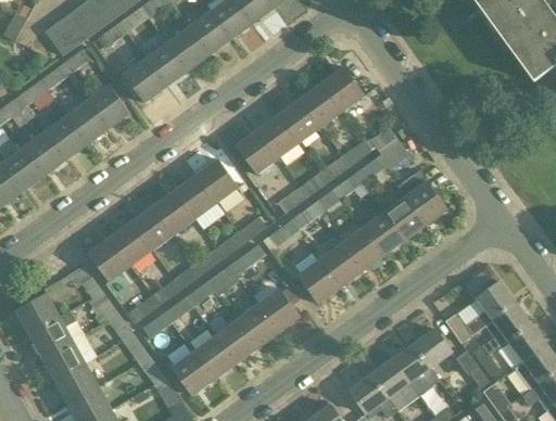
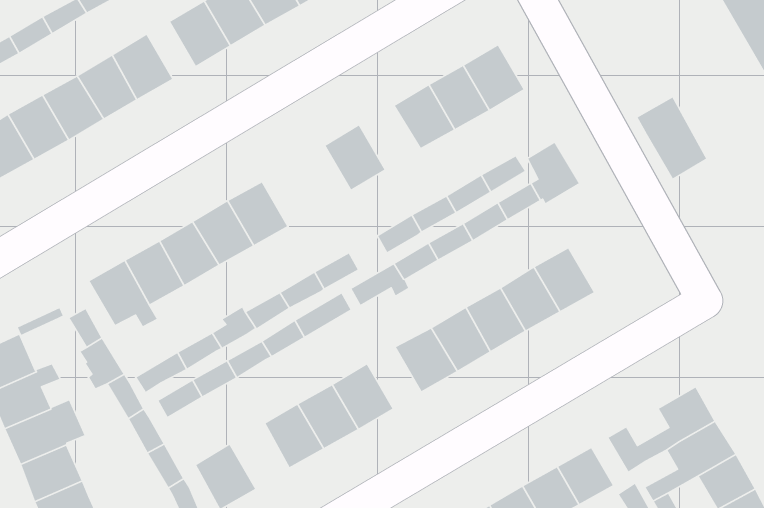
building: [256,115,299,158] -> none
building: [195,158,238,203] -> none
building: [396,170,446,226] -> [637,96,707,180]
building: [192,335,233,380] -> none

